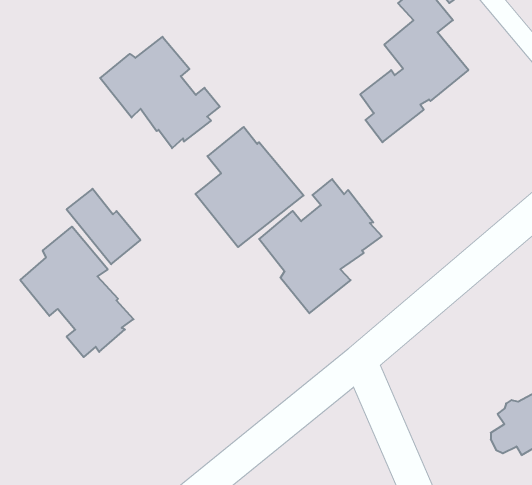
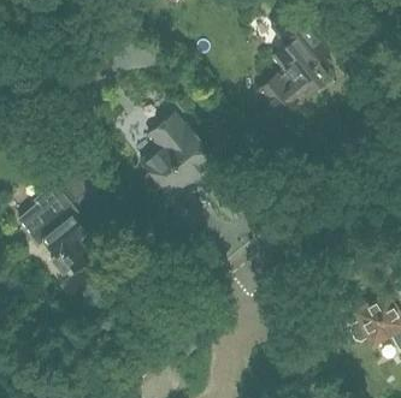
building: [100,37,220,148] -> none
building: [259,179,382,313] -> none

